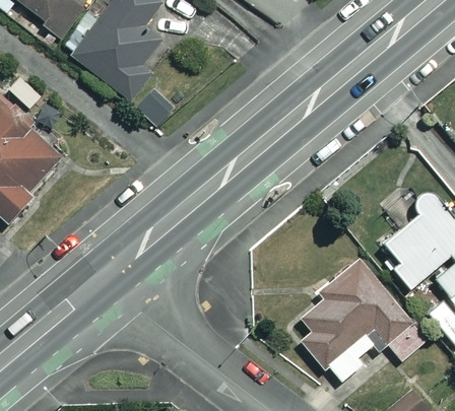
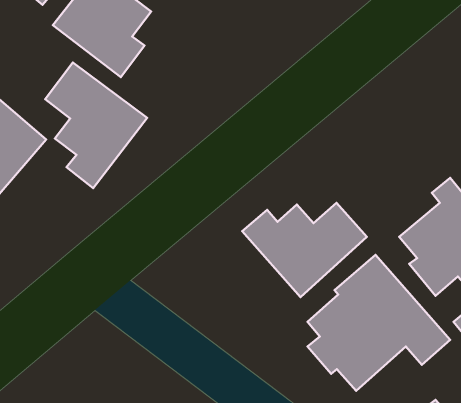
building: none -> [45,63,147,188]
building: none -> [242,203,367,297]

